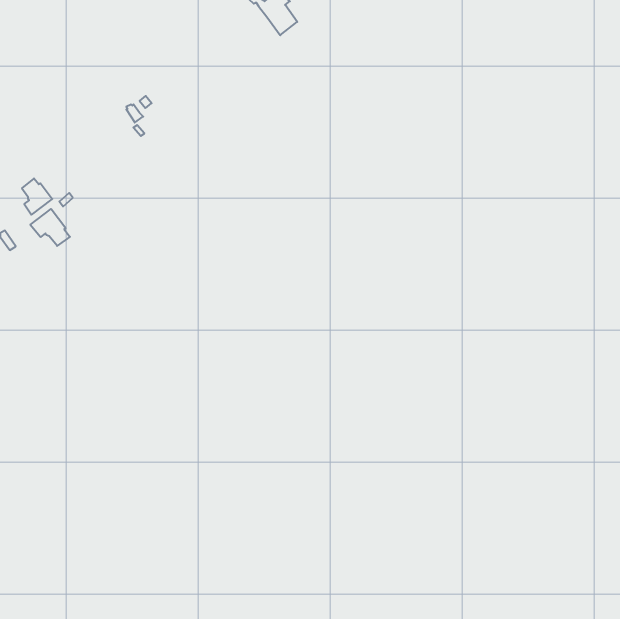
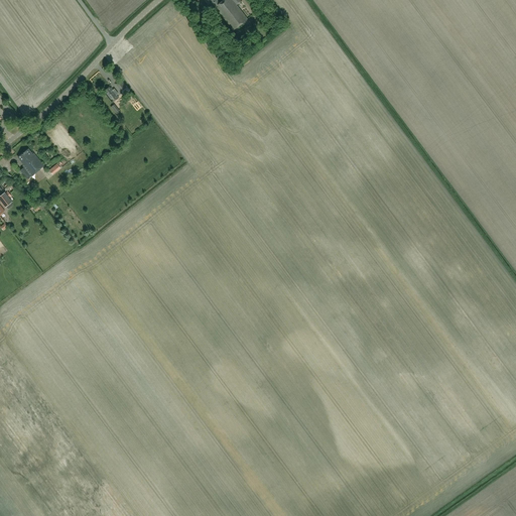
building: [30,209,70,246] -> none

